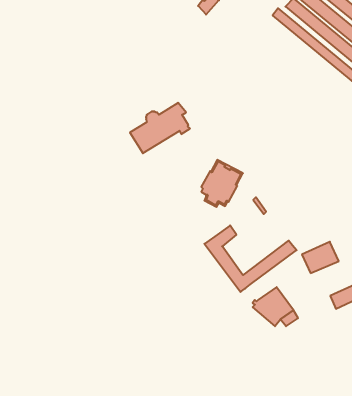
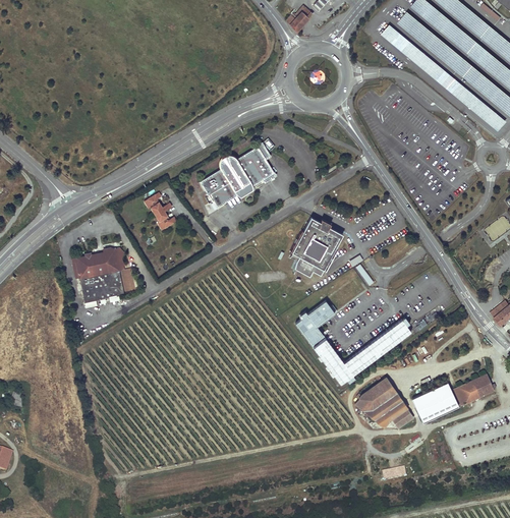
building: none -> [146,193,177,230]
building: none -> [73,248,125,309]
building: [302,242,339,273] -> [413,384,460,423]

